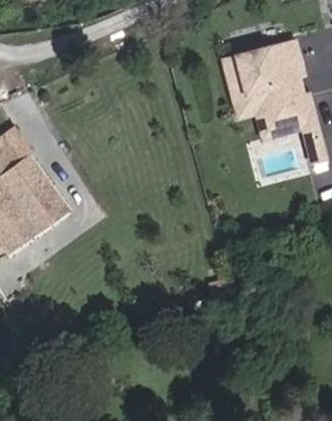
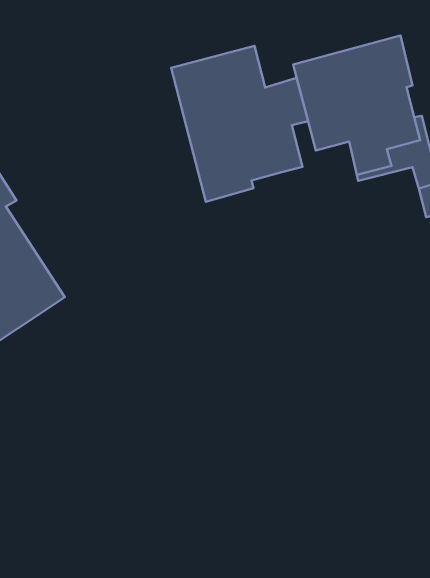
building: none -> [171,46,308,202]

